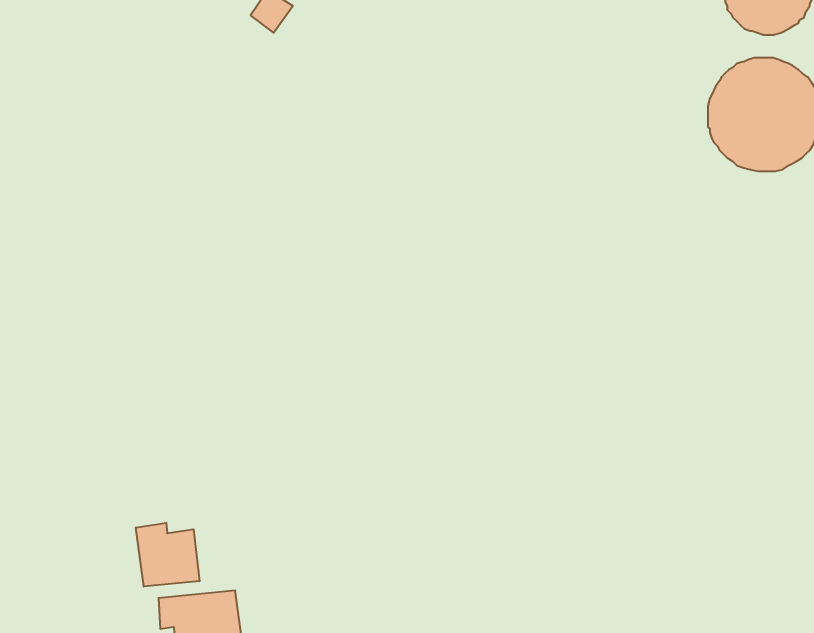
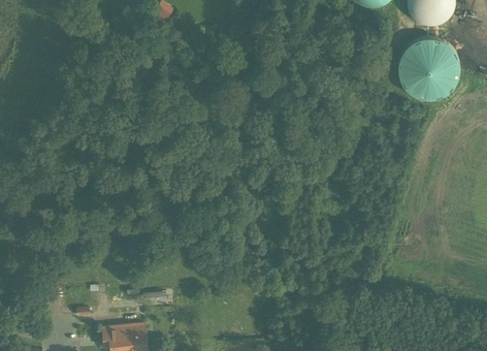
building: [136,523,200,587] -> none

